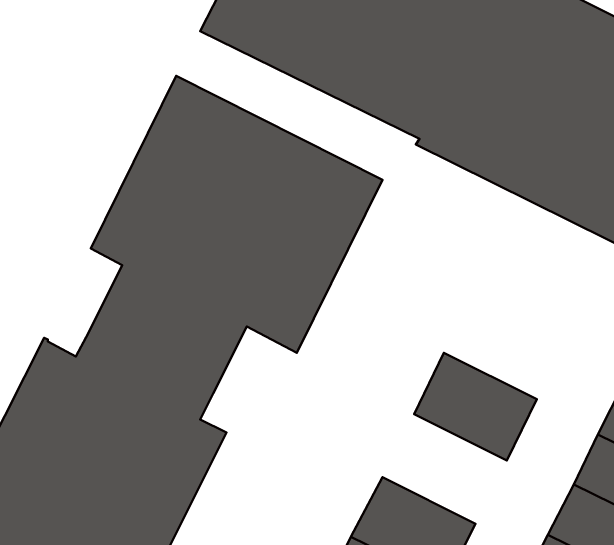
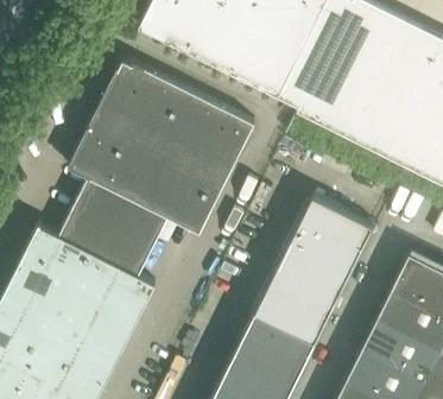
building: none -> [293,196,372,264]
building: none -> [254,273,334,342]

